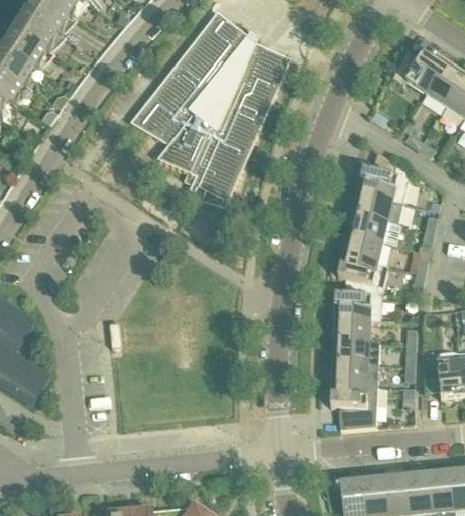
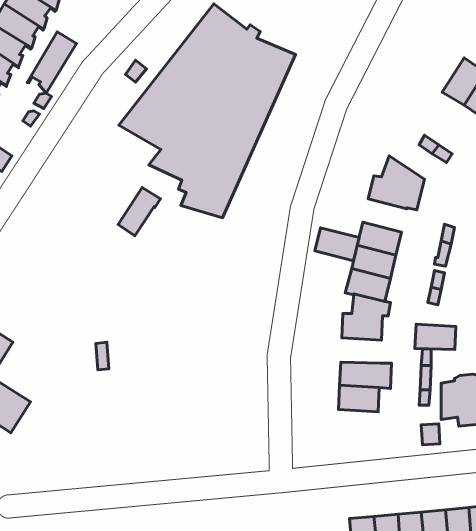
building: none -> [27,32,76,93]
building: [392,47,446,93] -> none
building: none -> [118,188,160,236]
building: [353,190,393,221] -> [315,228,359,261]
building: [333,317,370,341] -> [415,324,456,350]
building: [330,383,376,429] -> none

